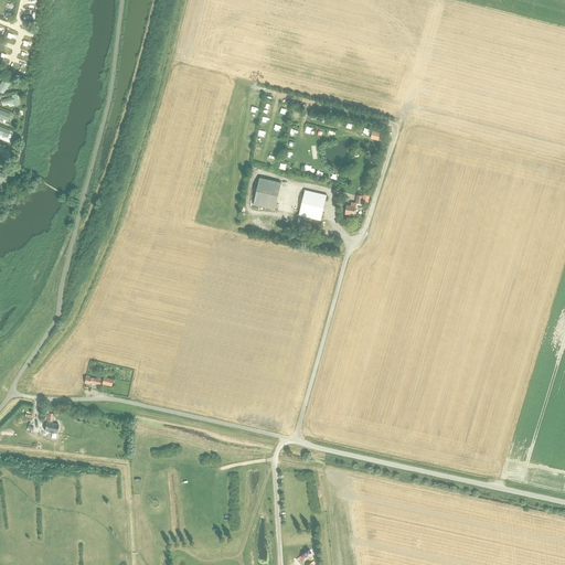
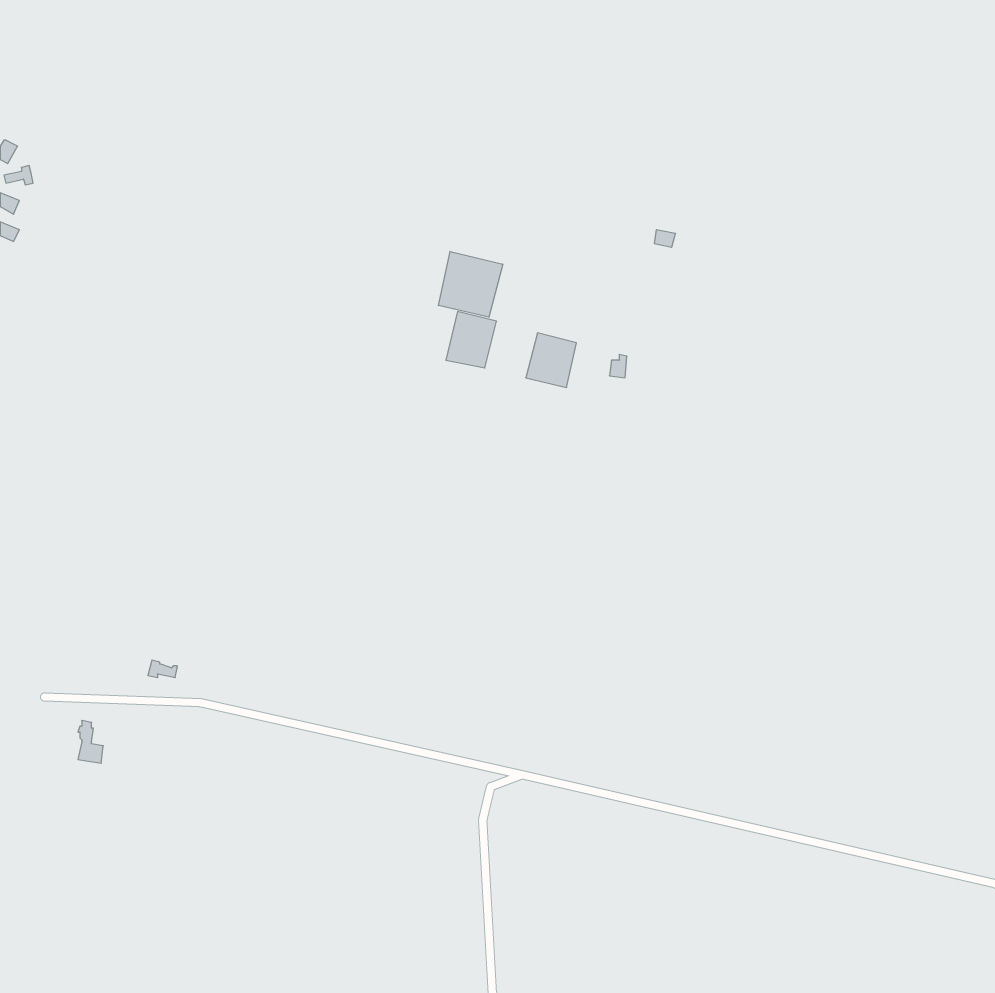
building: none -> [438,251,503,317]

